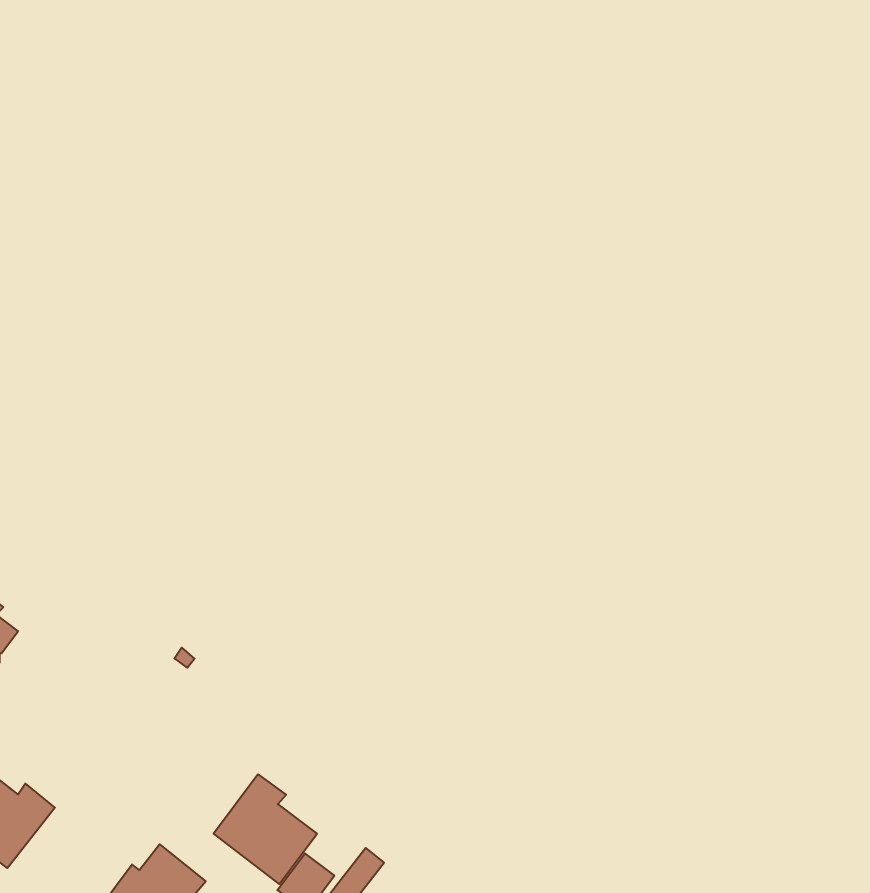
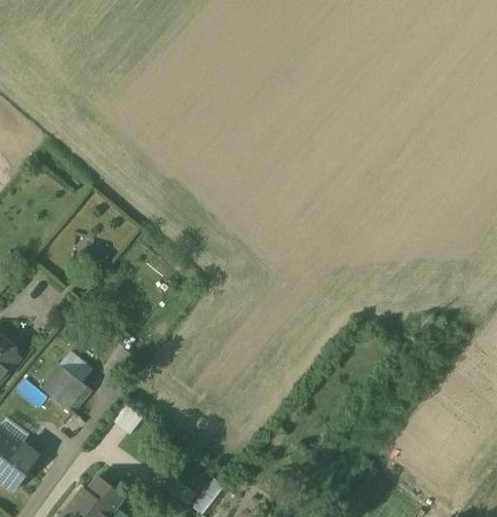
building: none -> [40,362,92,413]
building: [214,774,317,884] -> none

